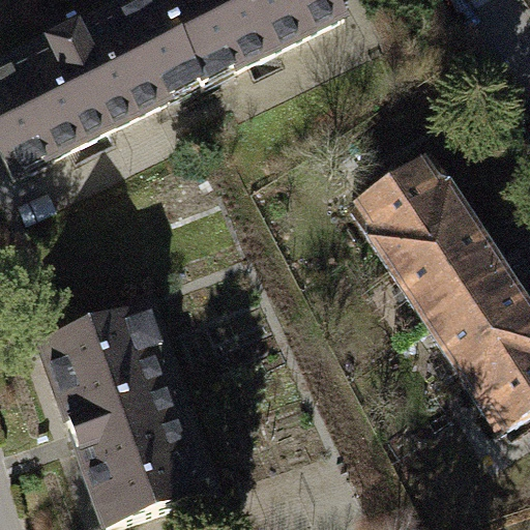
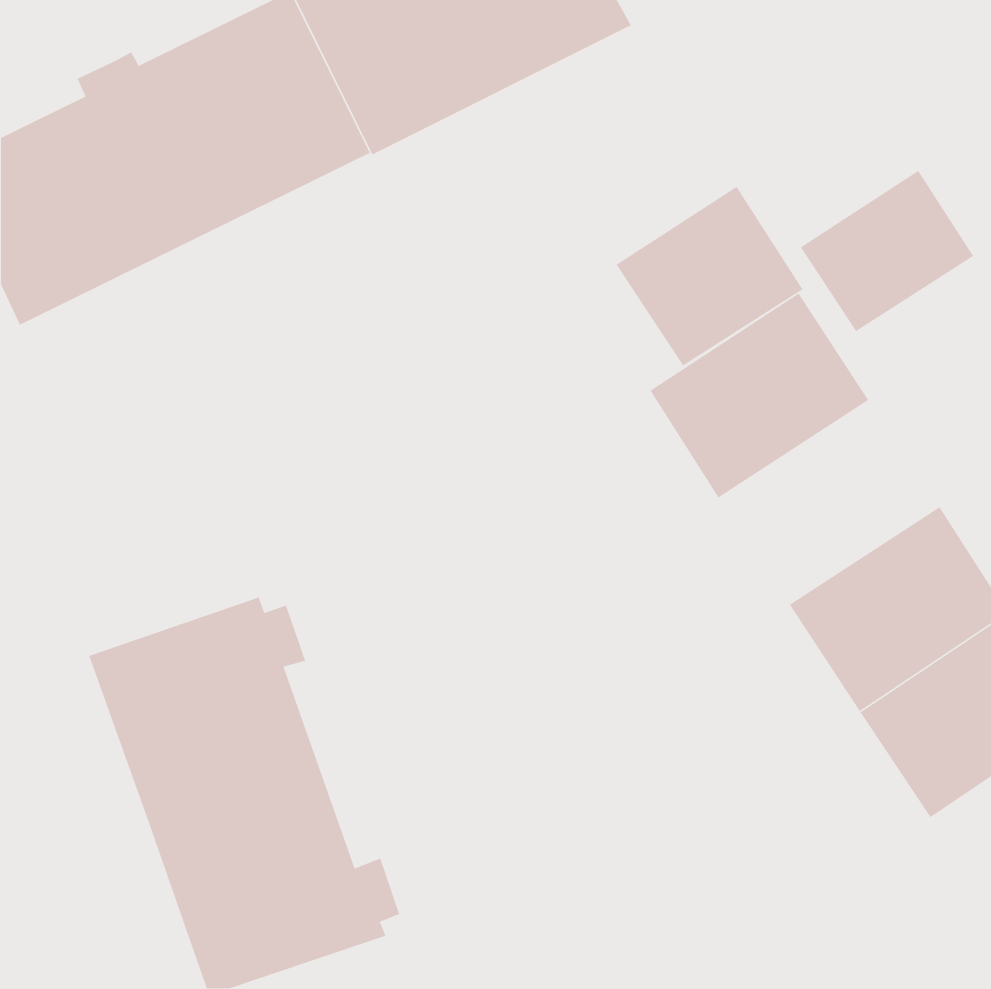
building: none -> [800,170,974,332]
building: none -> [615,186,803,366]
building: [385,211,502,319] -> none

